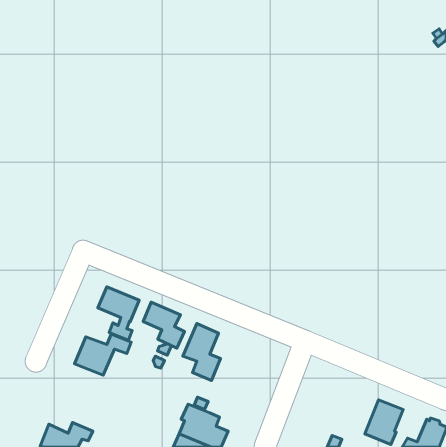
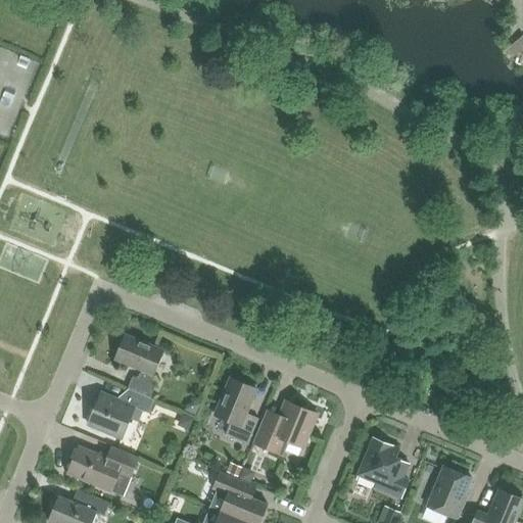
building: [143,302,185,348] -> none
building: none -> [252,401,317,457]
building: none -> [355,437,409,498]
building: none -> [66,446,138,496]

